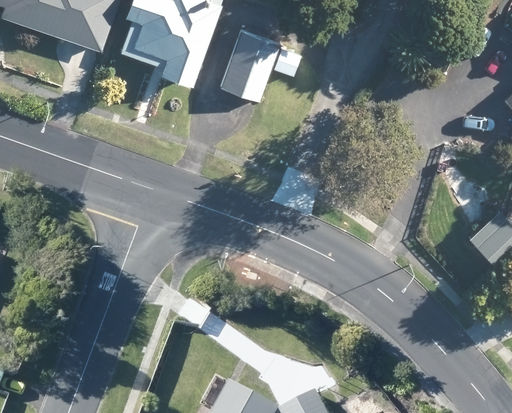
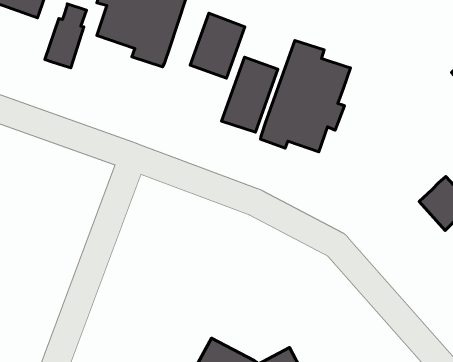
building: none -> [260,40,351,152]
building: none -> [221,57,278,132]

